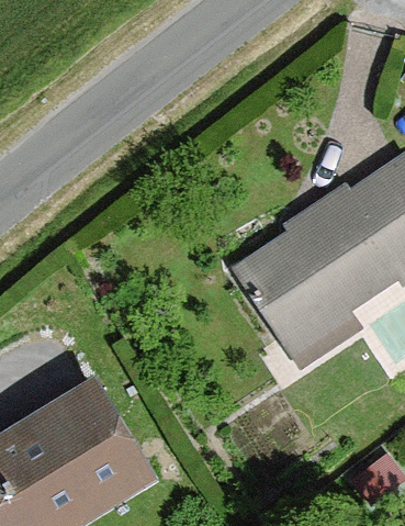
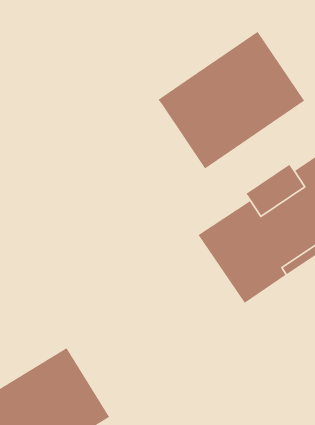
building: none -> [157,31,305,169]

